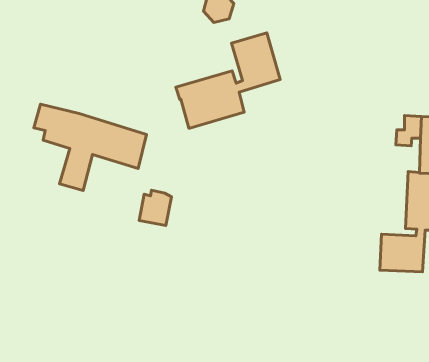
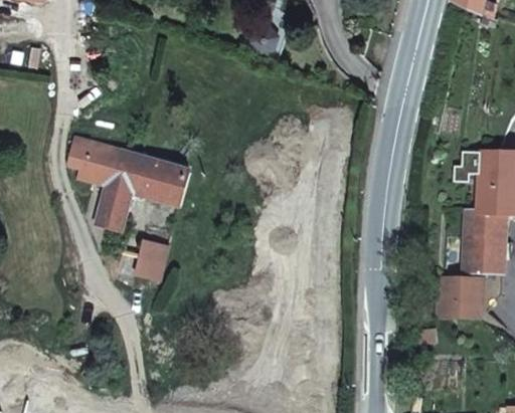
building: [176,33,280,128] -> none
building: [139,190,172,225] -> [133,242,167,279]

